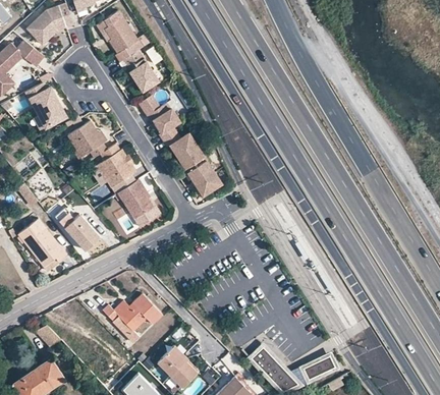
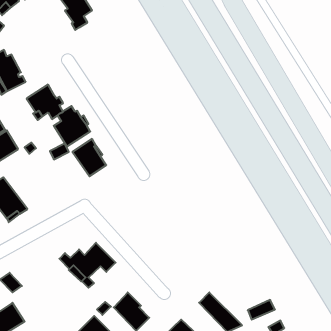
building: [123,50,159,92] -> none
building: [139,96,220,195] -> none
building: [55,208,100,249] -> none

